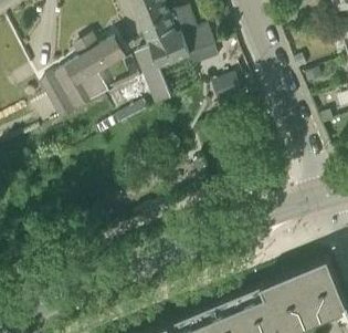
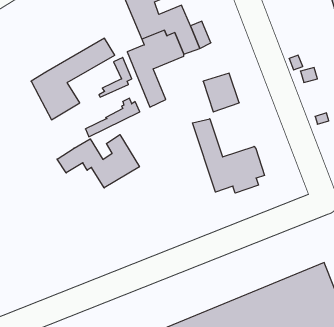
building: none -> [192,119,264,193]
building: none -> [57,135,139,188]

